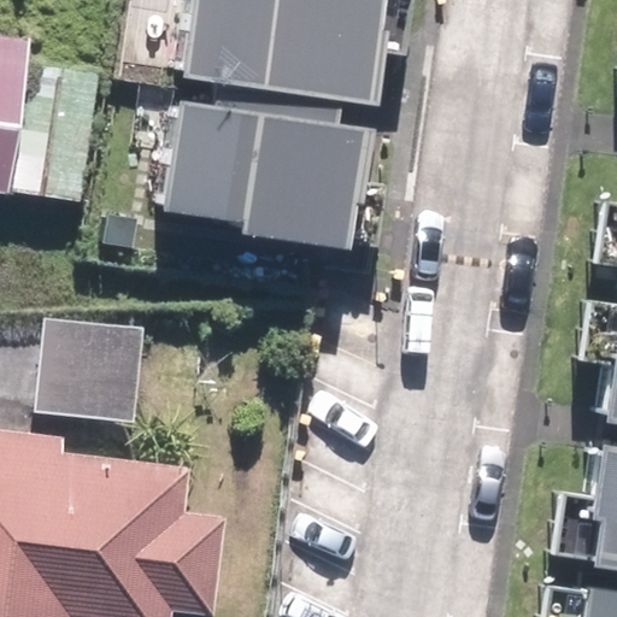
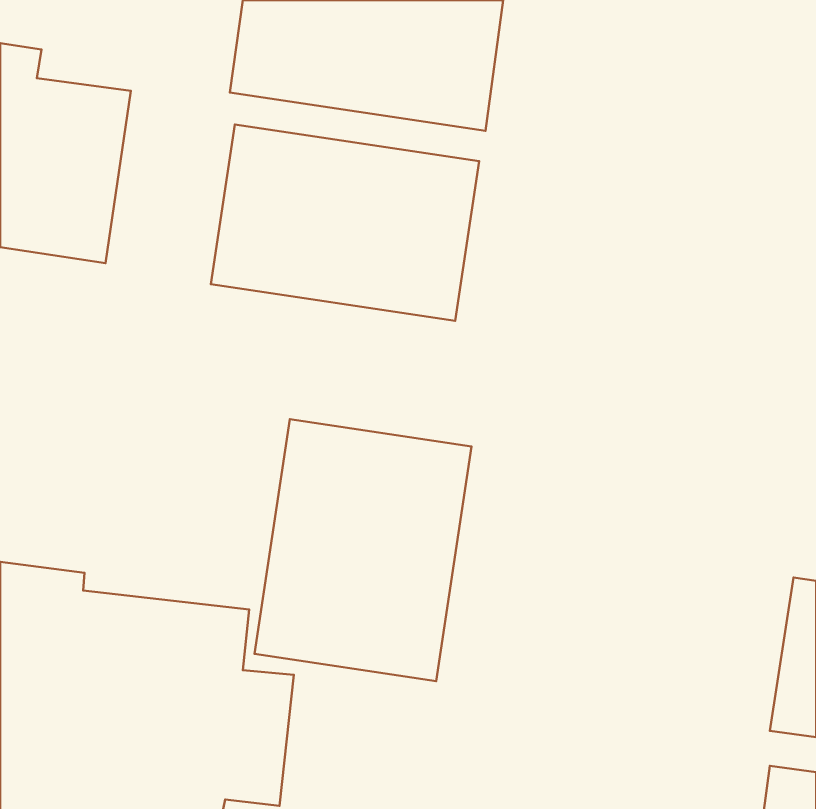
building: [33,318,164,424] -> none
building: none -> [255,419,472,681]

